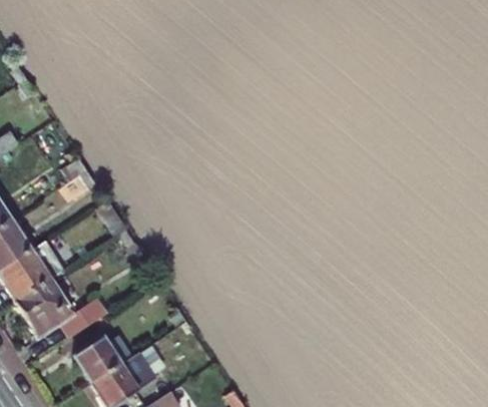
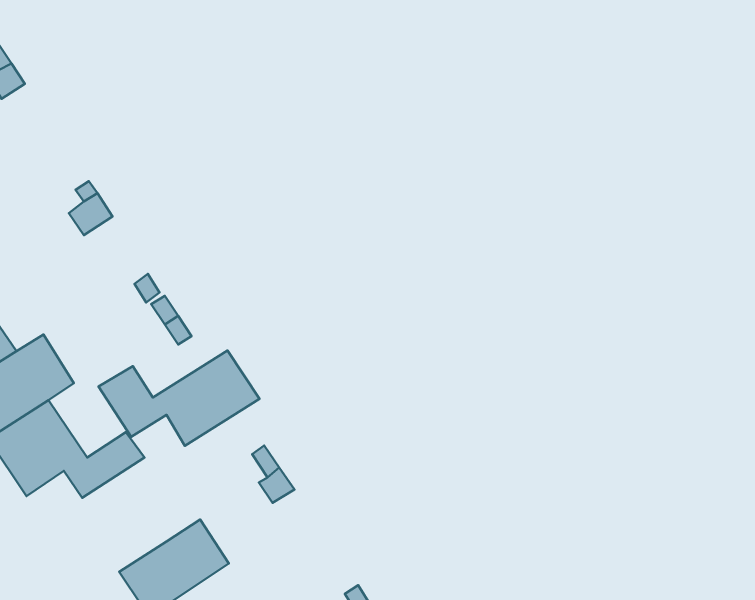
building: none -> [99,350,259,446]
building: [74,335,120,381] -> none

